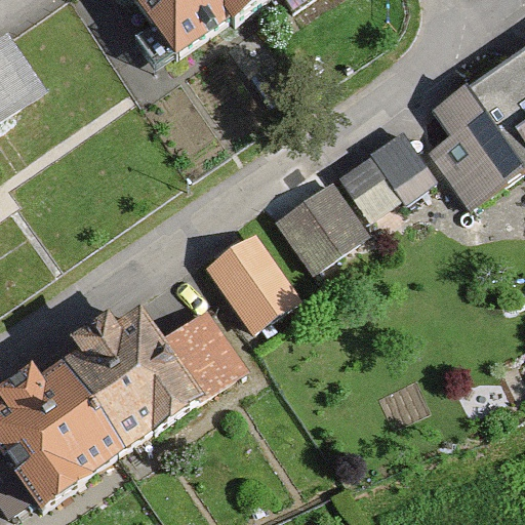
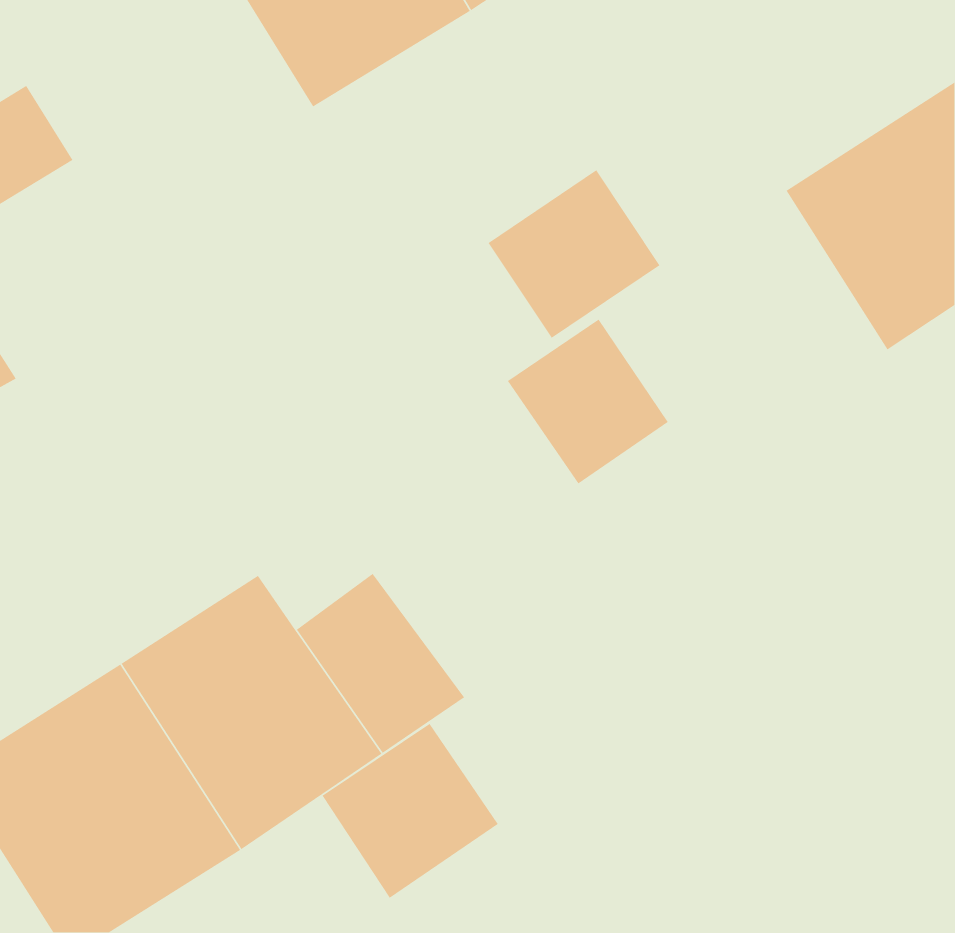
building: [337,127,432,219] -> [487,169,661,339]
building: [205,235,301,337] -> none
building: none -> [321,723,499,899]

